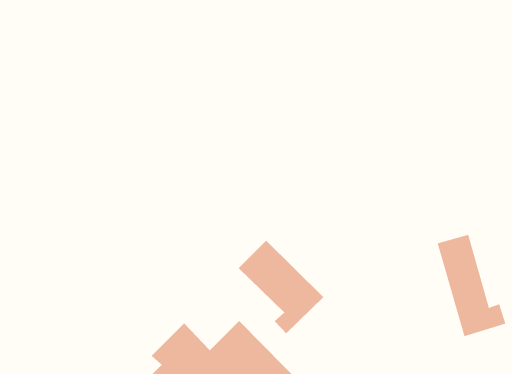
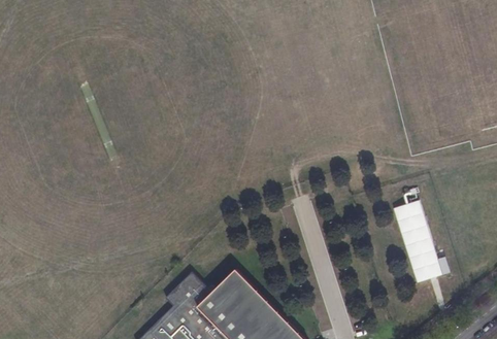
building: [238,240,324,334] -> none

